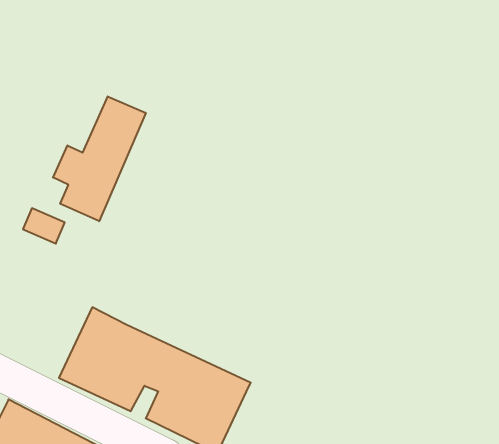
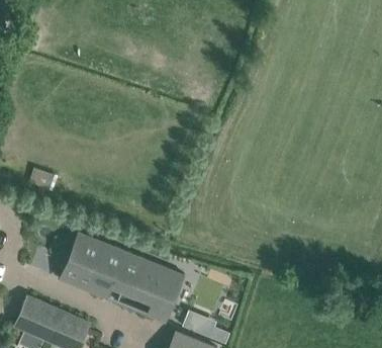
building: [53,96,146,221] -> none

